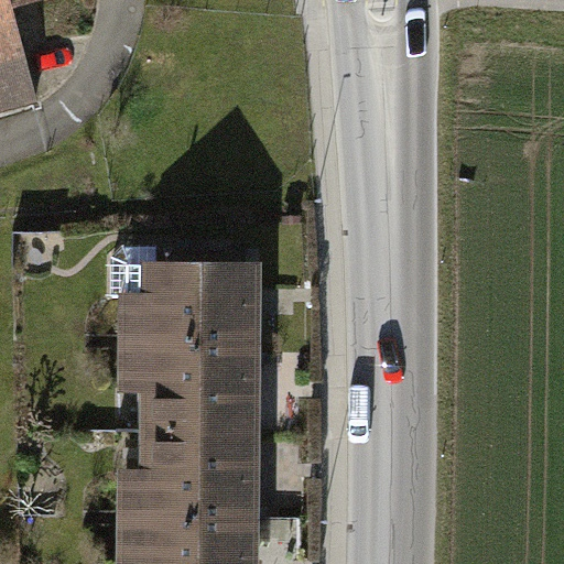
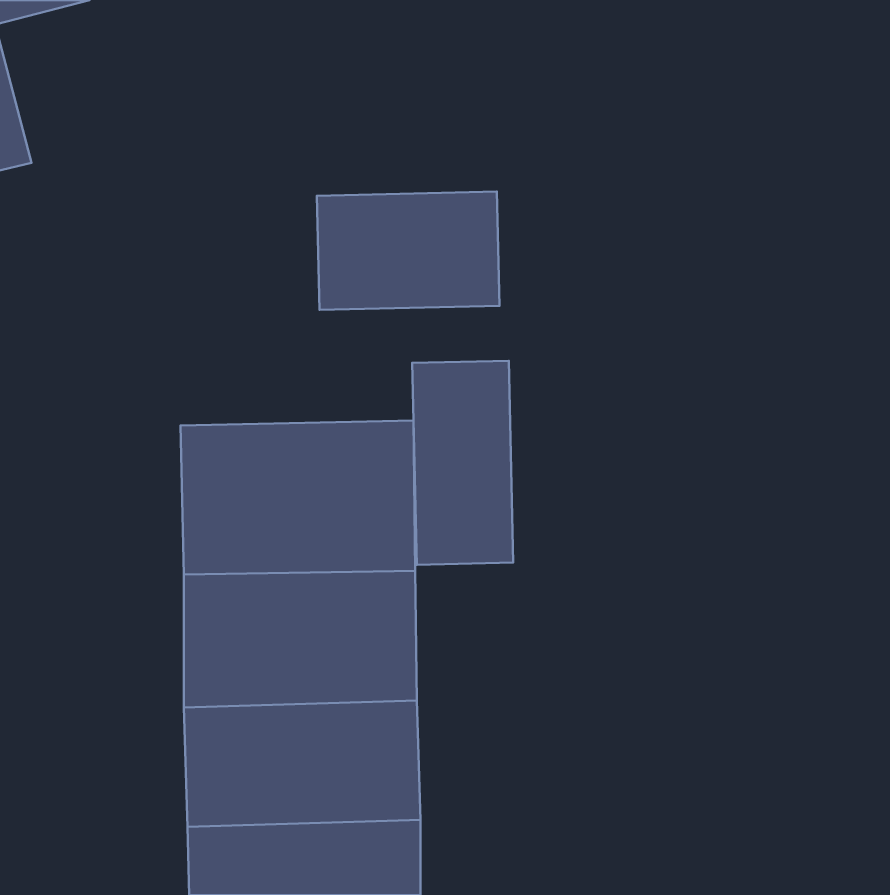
building: none -> [317,192,499,310]
building: none -> [412,361,513,565]

